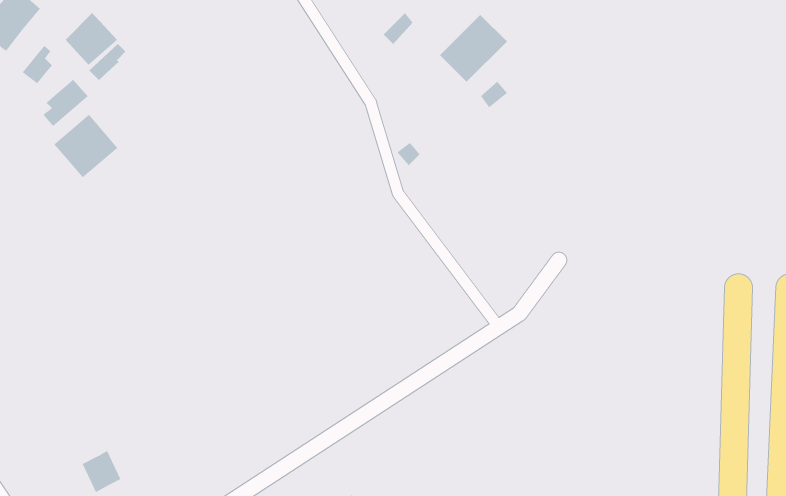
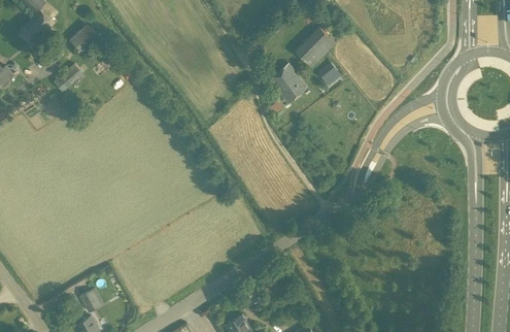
building: none -> [269,65,307,103]
building: [54,114,118,178] -> none

